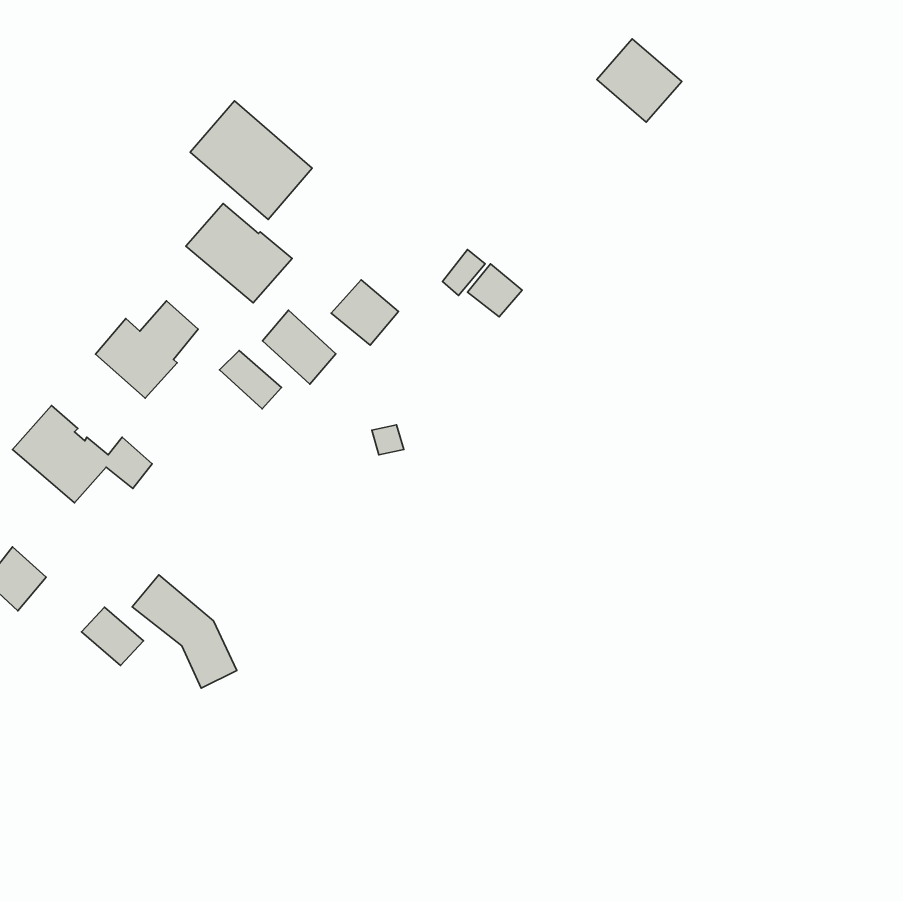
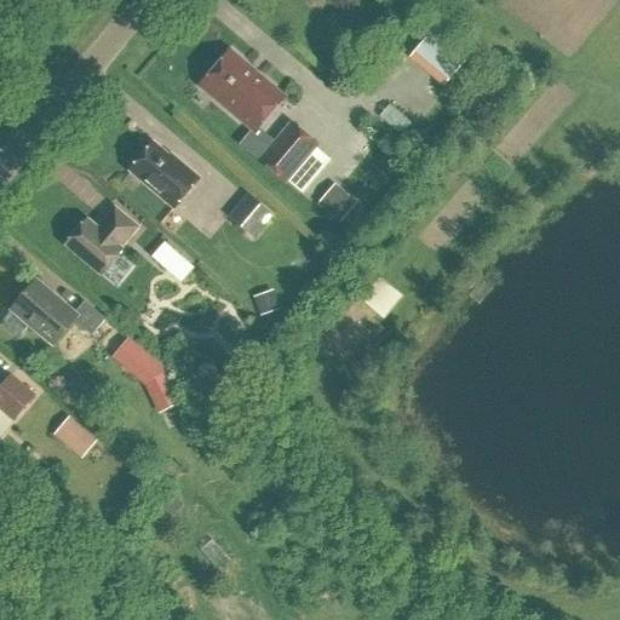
building: [190,101,312,219] -> [200,48,283,130]
building: none -> [259,121,317,179]
building: [263,310,336,384] -> none
building: [132,575,237,688] -> [110,335,182,413]

